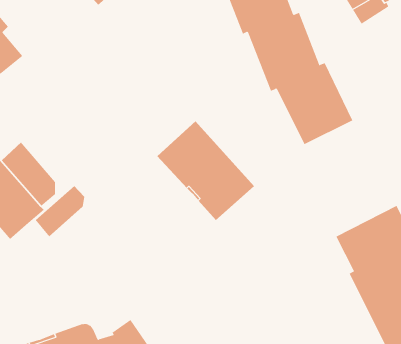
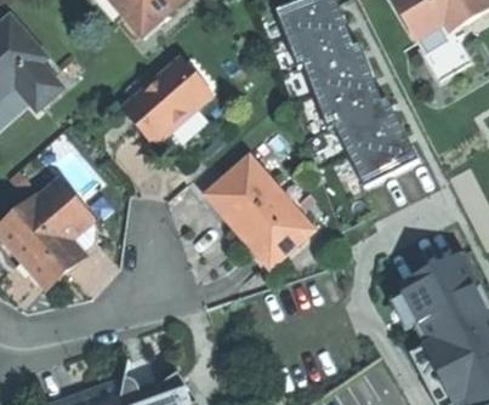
building: none -> [127,64,205,139]
building: [35,185,85,237] -> none

